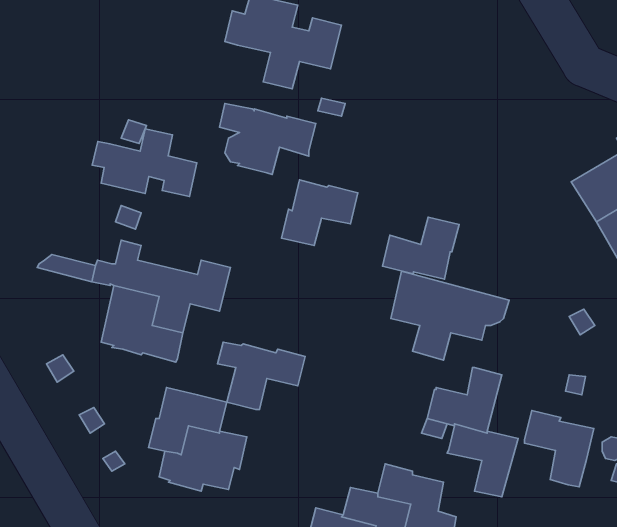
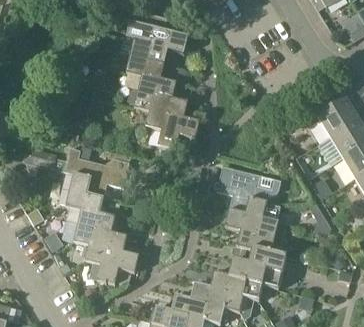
building: none -> [126,39,163,79]
building: [92,129,197,196] -> none
building: none -> [145,95,187,130]
building: [383,217,459,279] -> [225,197,267,231]
building: [218,342,305,409] -> [67,207,115,244]
building: [525,410,594,487] -> [229,257,267,299]

